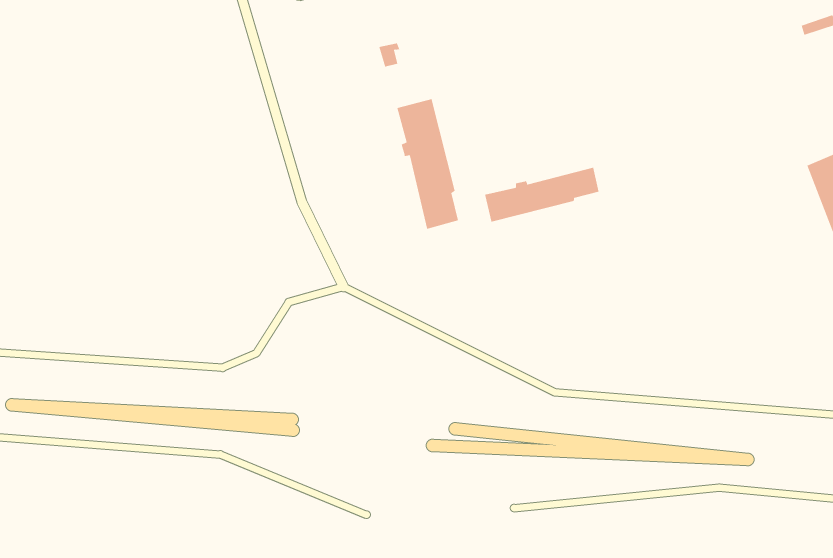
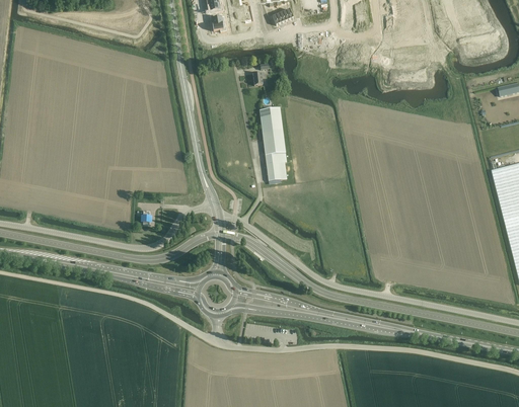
building: [484,167,599,222] -> none

